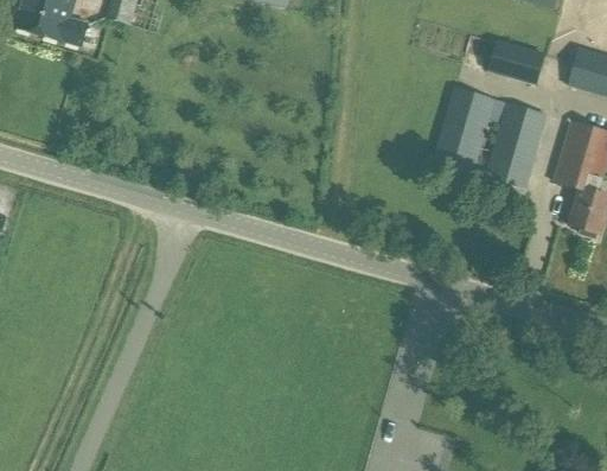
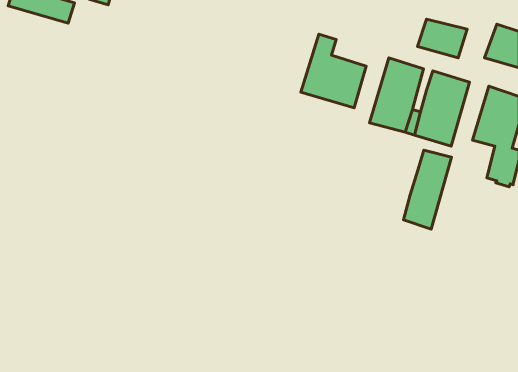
building: none -> [301,34,366,108]
building: none -> [404,150,452,229]

